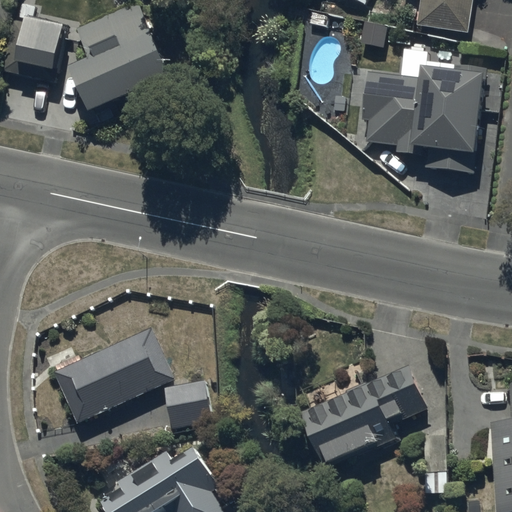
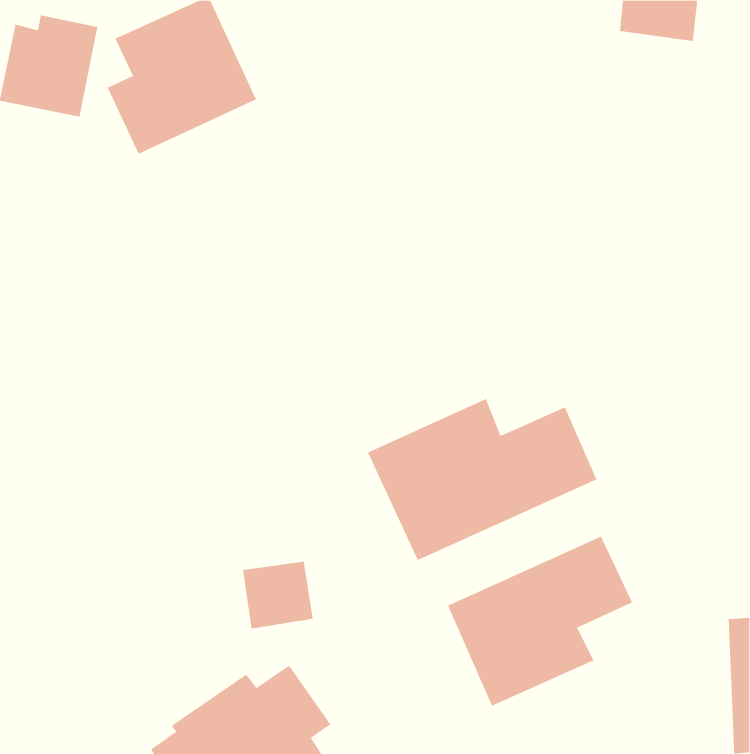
building: [362,62,485,170] -> none
building: none -> [367,398,597,561]
building: [53,326,174,422] -> none

